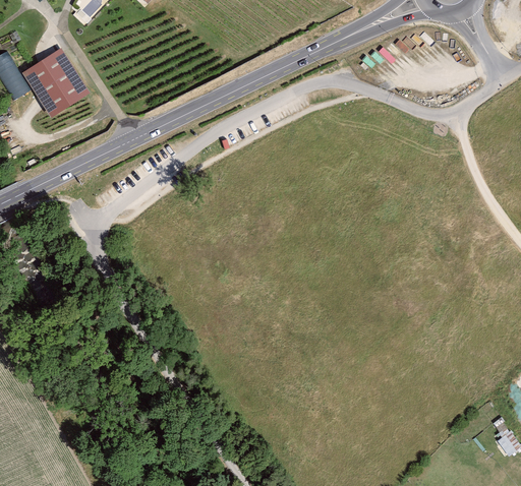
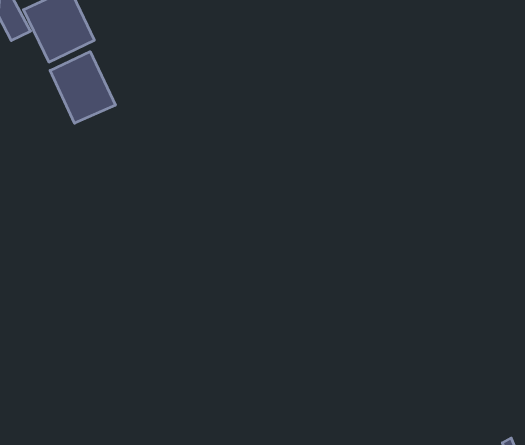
building: none -> [50,52,115,123]

